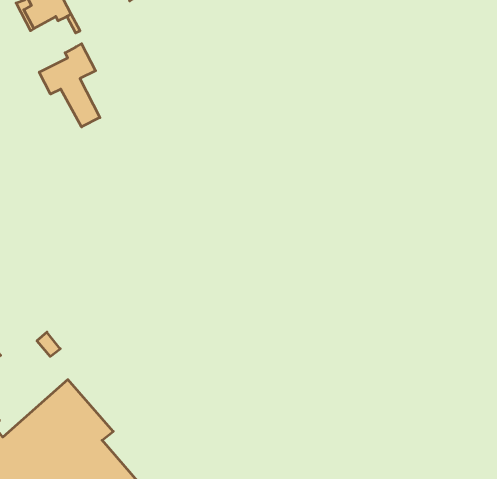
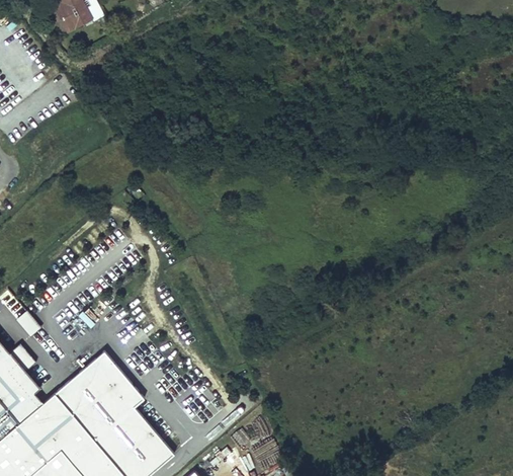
building: [39,44,100,127] -> none

